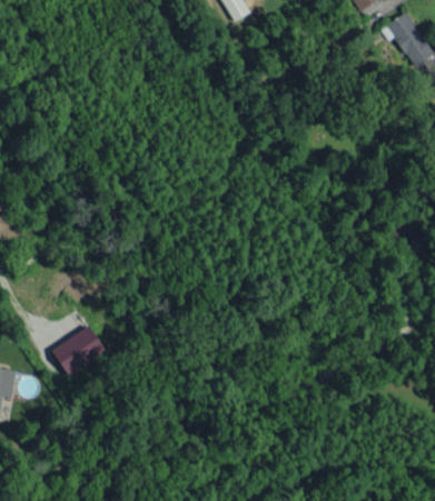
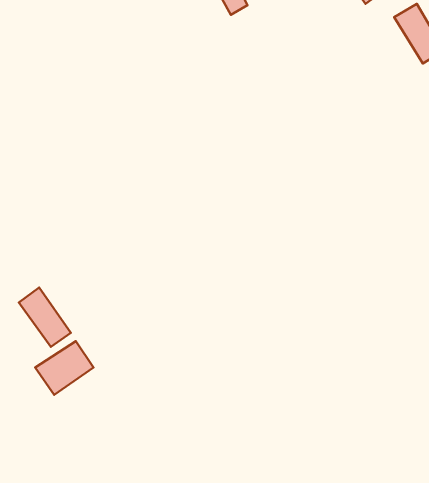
building: none -> [19,287,71,347]

